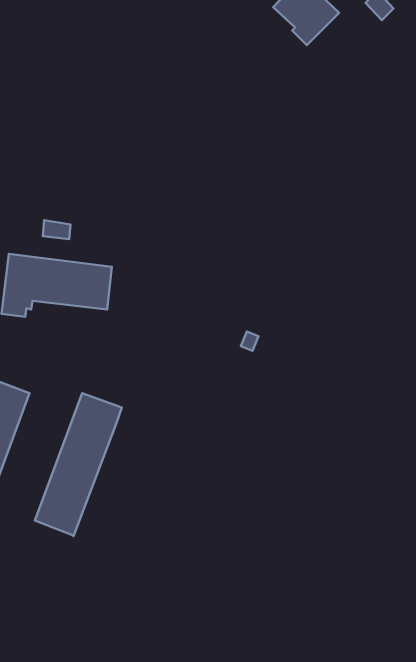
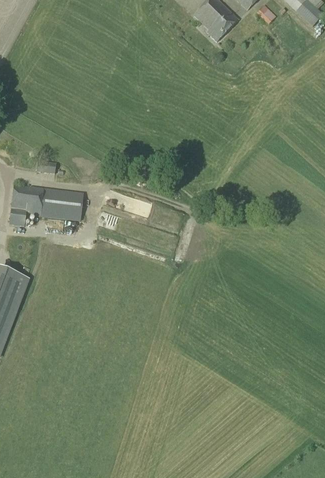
building: [35,393,122,536] -> none

